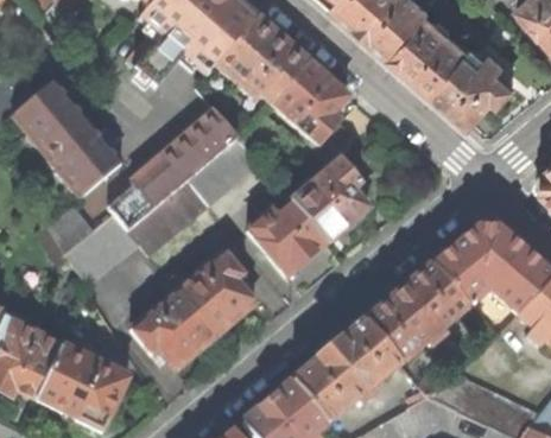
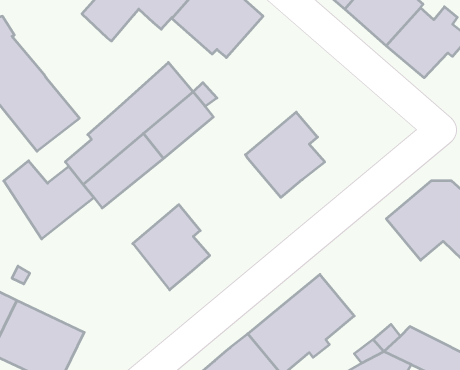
building: [272,61,348,145] -> none
building: [248,203,327,277] -> none
building: [366,264,467,361] -> none
building: [132,288,215,367] -> none

